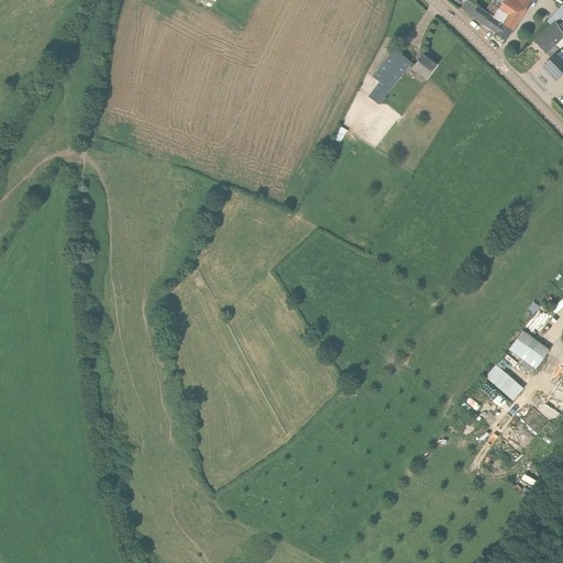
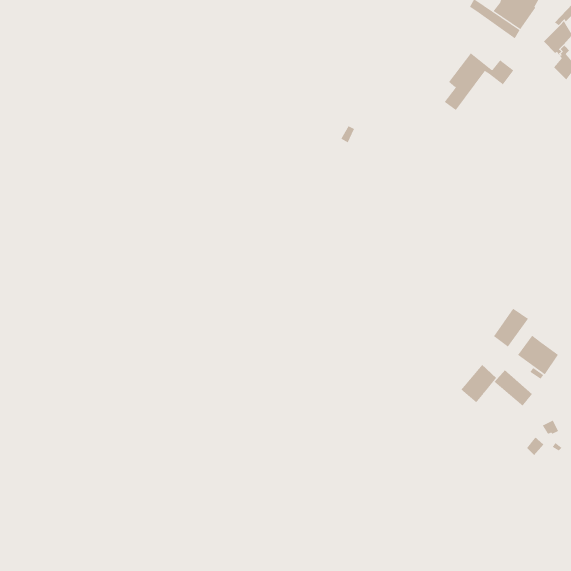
building: [368,47,438,104] -> [444,53,514,111]
building: none -> [493,308,529,347]
building: none -> [460,364,497,403]

